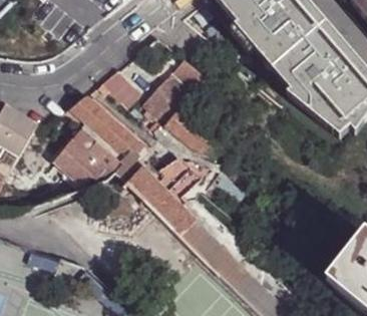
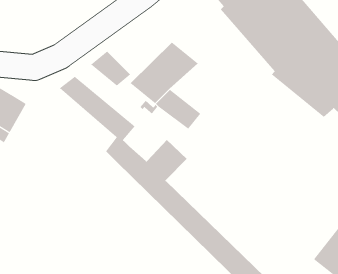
building: [56,125,117,180] -> none

